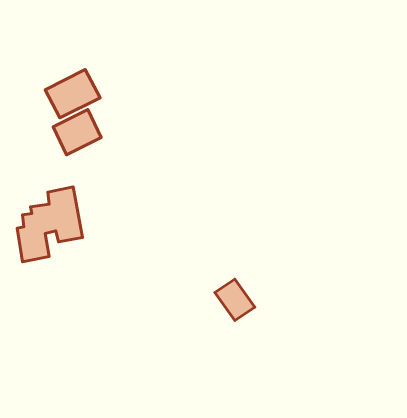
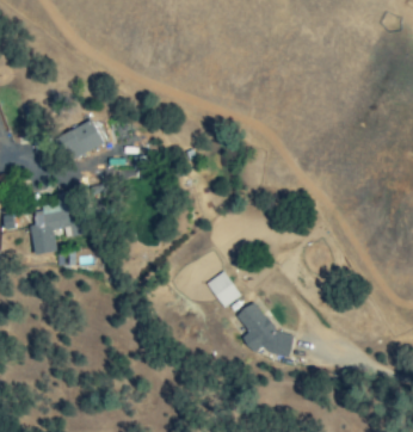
building: [45,70,100,118] -> none
building: none -> [238,306,296,360]

